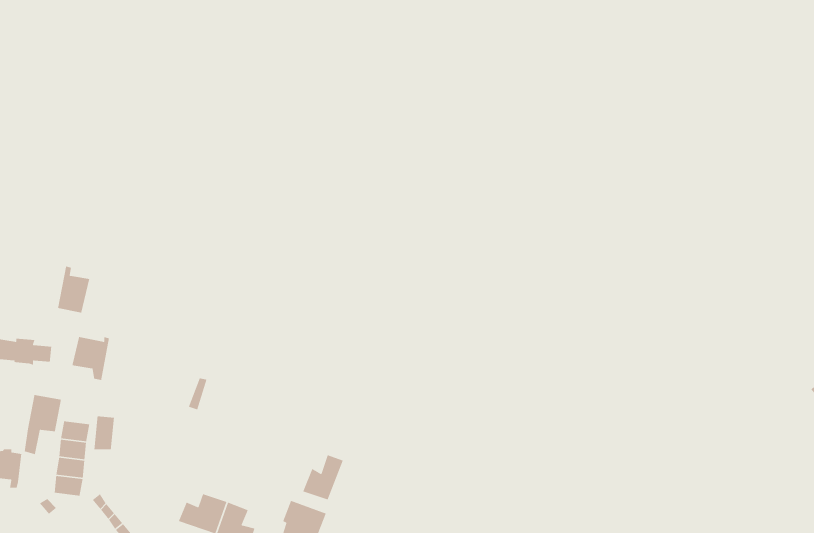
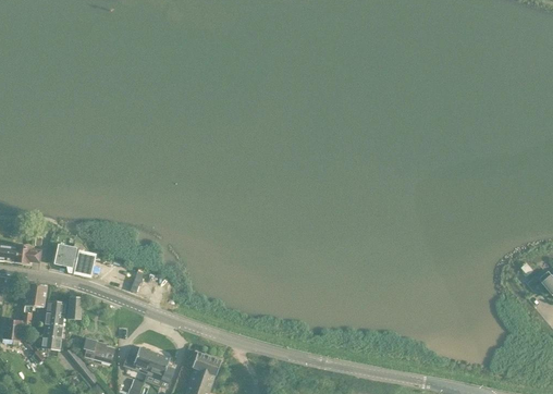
building: [57,265,90,313] -> [73,245,95,276]
building: [302,454,344,501] -> none
building: none -> [83,337,114,362]

